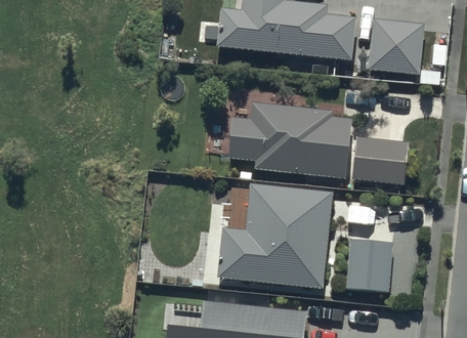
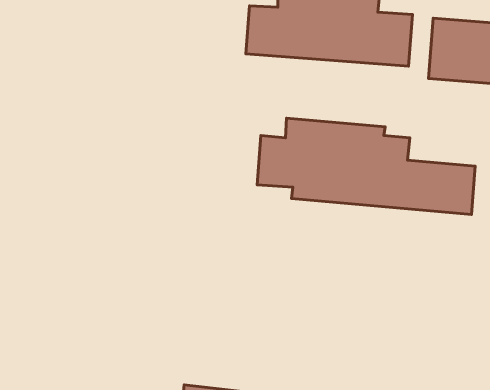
building: [216,183,333,287] -> none
building: [348,239,392,291] -> none

